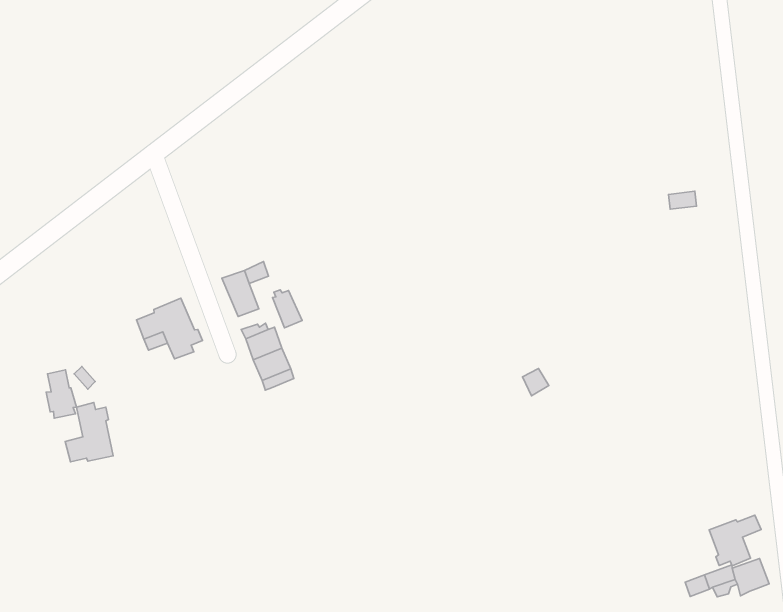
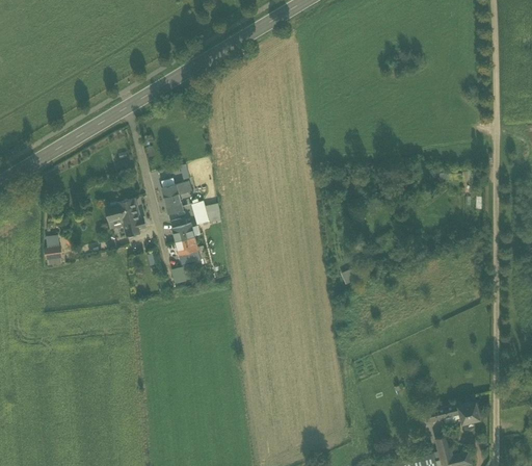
building: [65,403,113,462] -> none
building: [709,515,761,566] -> none

